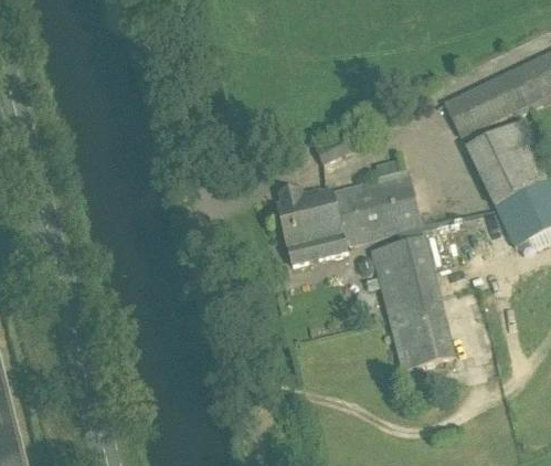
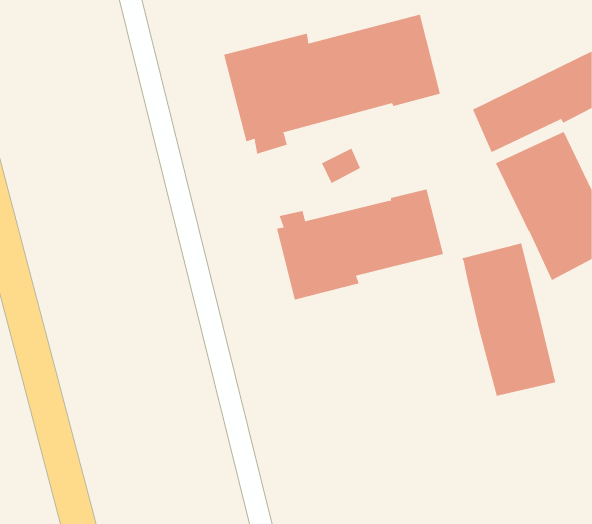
building: none -> [223,14,440,154]
building: [372,237,454,370] -> [462,243,556,397]

